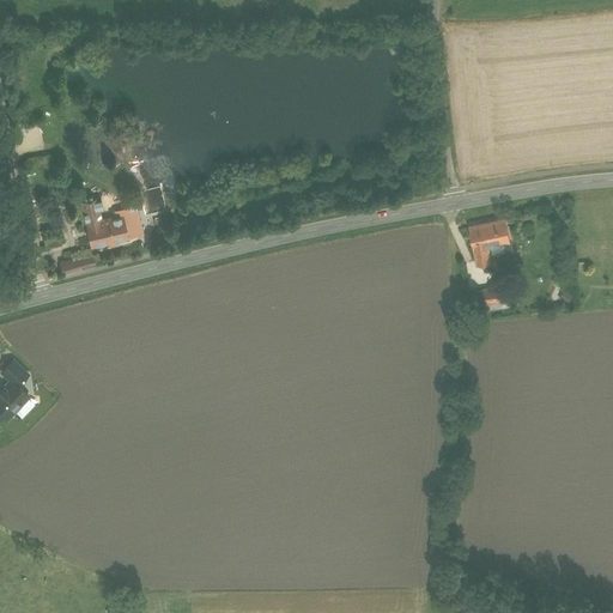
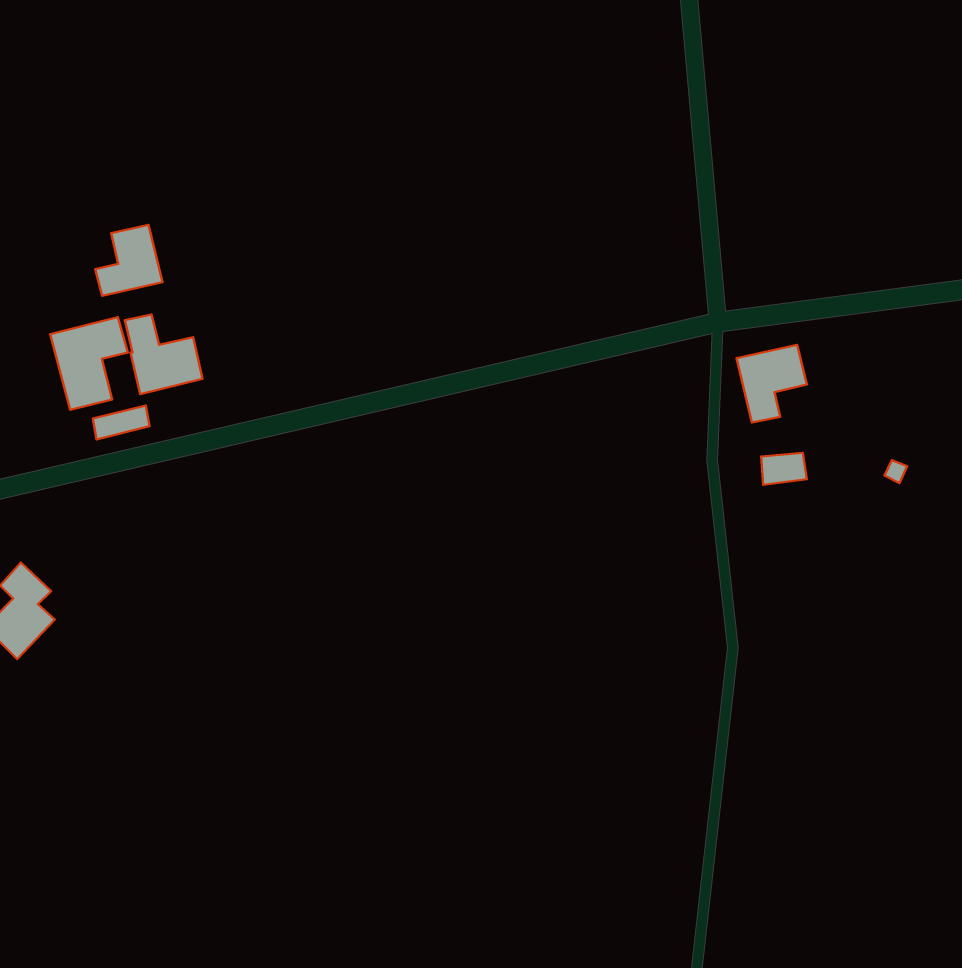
building: none -> [95,225,162,296]
building: none -> [50,317,128,410]

